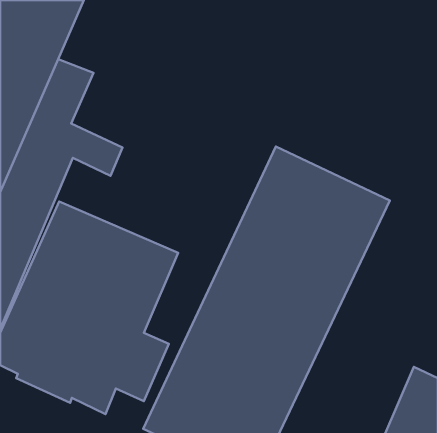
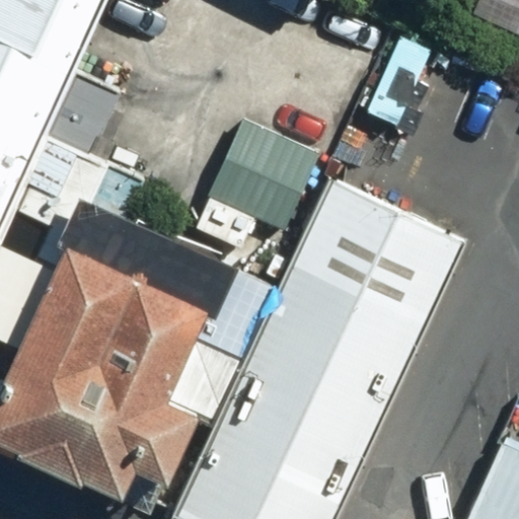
building: none -> [194,121,315,252]

